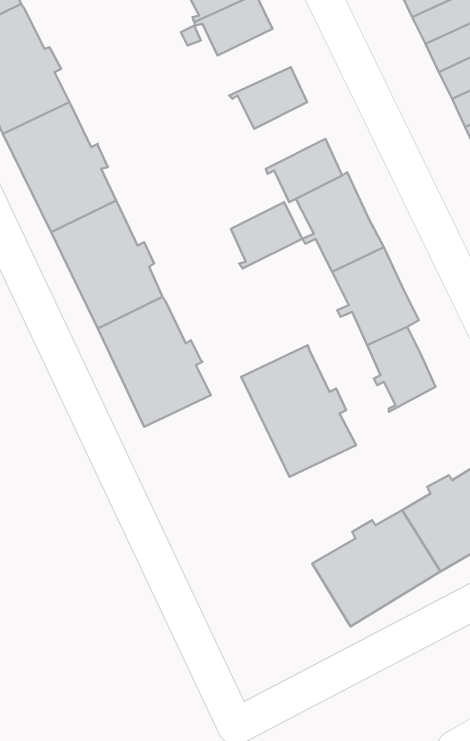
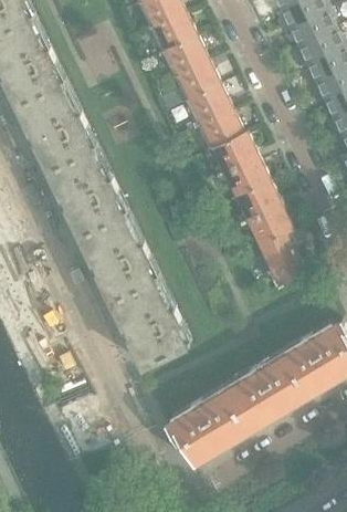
building: none -> [160,36,209,81]
building: [231,202,302,269] -> [185,85,232,129]
building: [241,345,356,477] -> [112,280,188,367]
building: none -> [166,391,249,466]

